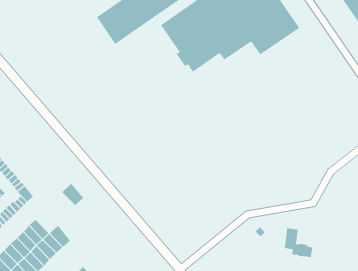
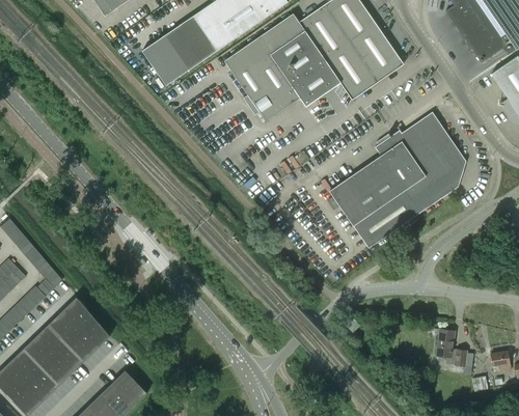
building: none -> [329,112,466,248]
building: [61,182,84,206] -> [64,297,93,327]
building: [284,228,313,258] -> [436,329,473,367]

